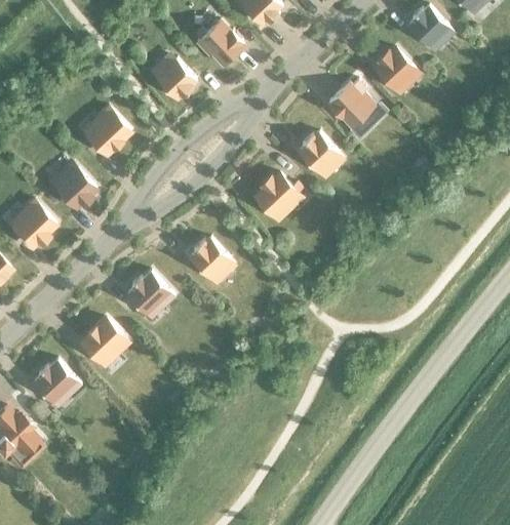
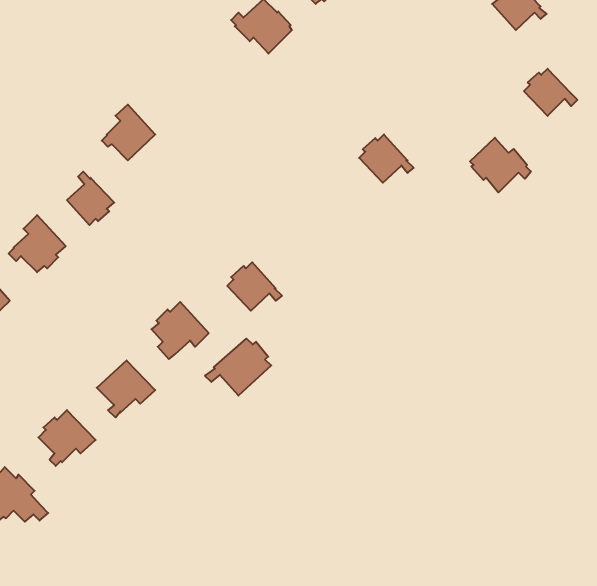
building: [375,49,419,88] -> [524,69,577,116]
building: [150,58,195,98] -> none
building: [327,83,378,128] -> [470,138,531,192]
building: [254,173,302,221] -> none
building: none -> [205,339,271,396]

